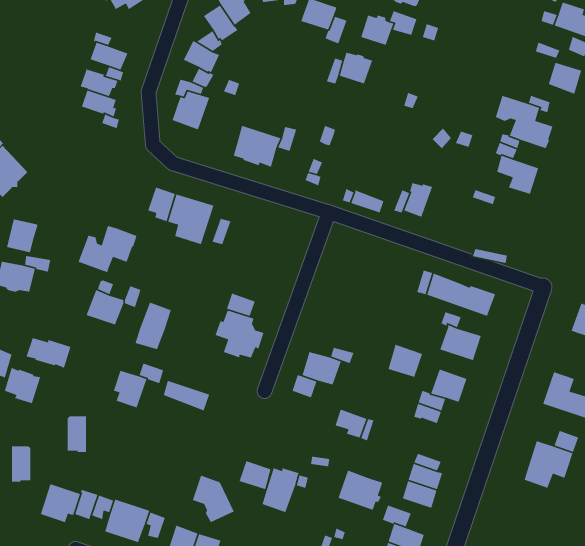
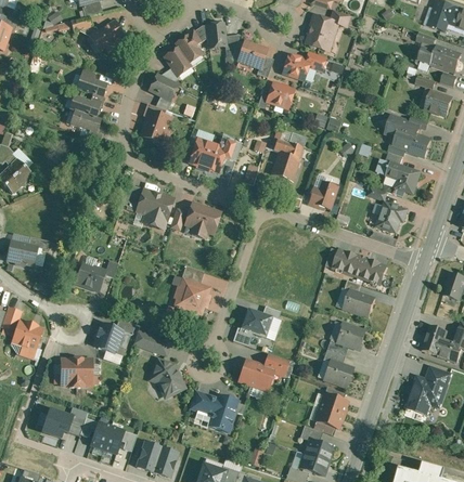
building: none -> [269,133,305,180]
building: none -> [376,203,405,233]
building: none -> [185,204,220,238]
building: [6,218,38,253] -> none
building: [77,225,138,273] -> none
building: [134,302,172,350] -> none
building: [25,337,71,369] -> none
building: [387,344,423,378] -> [324,361,351,387]
building: [11,445,31,483] -> [76,359,91,387]
building: [337,469,383,511] -> [239,360,273,391]
building: [192,475,235,523] -> [151,360,183,396]

